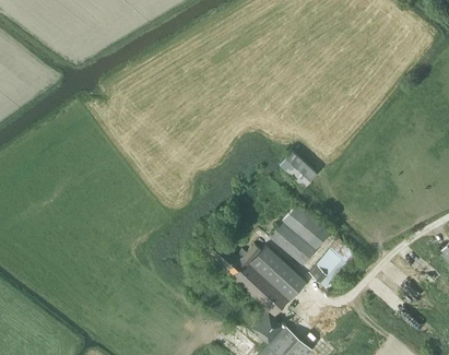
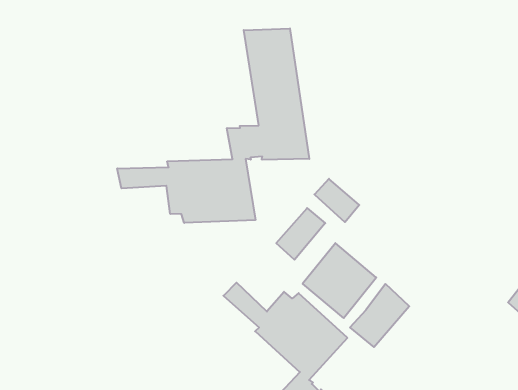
building: none -> [117,28,309,223]
building: none -> [276,208,325,260]

